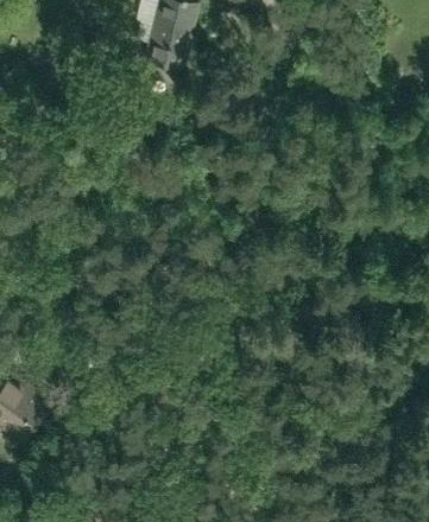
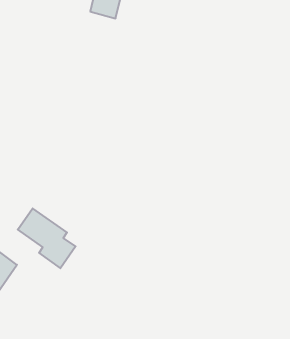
building: none -> [18,208,76,268]

